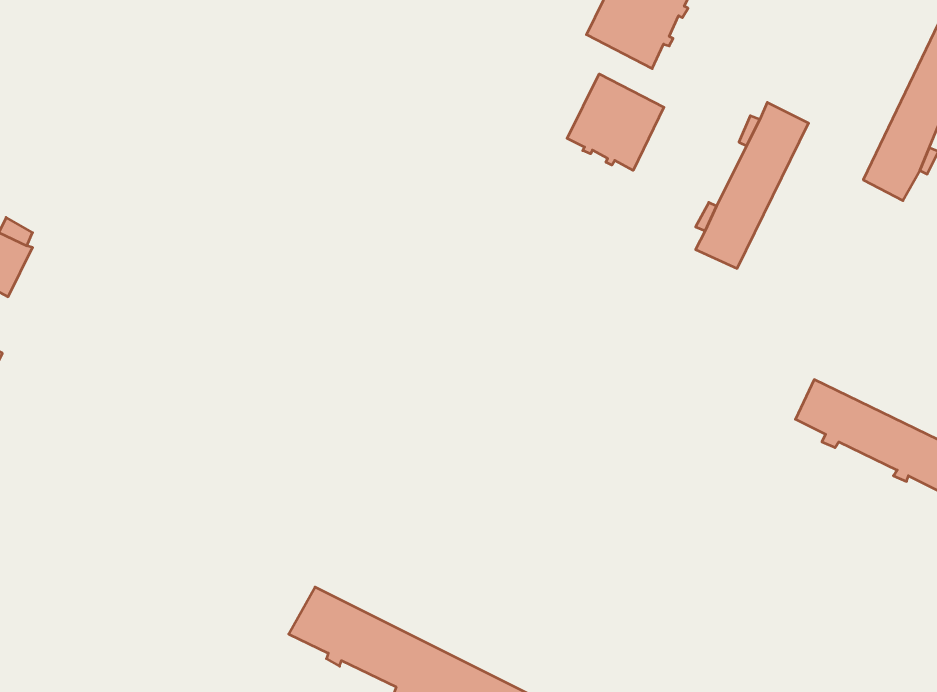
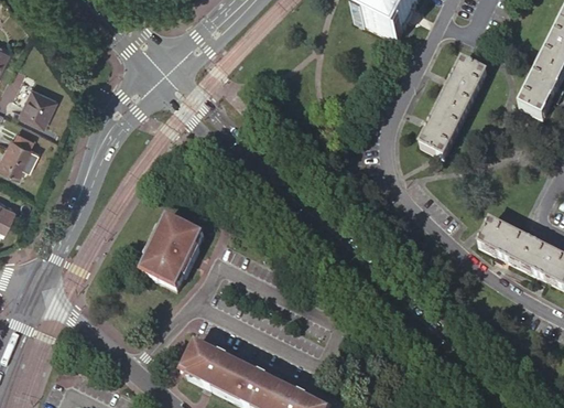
building: [567,74,664,170] -> none
building: none -> [17,84,53,122]
building: none -> [138,217,202,288]

